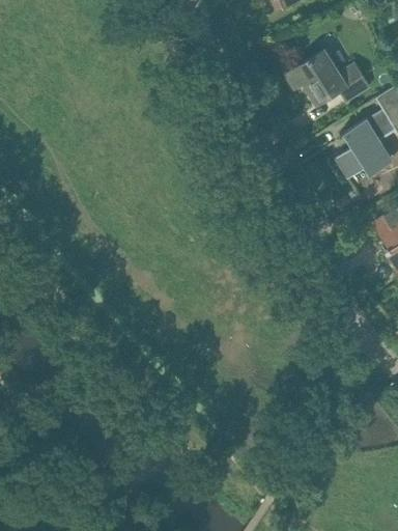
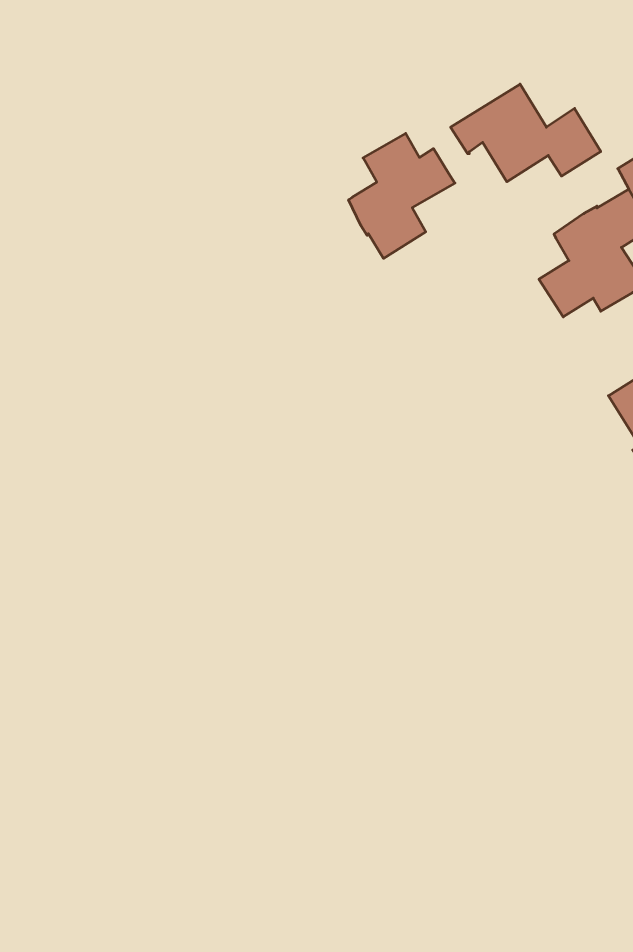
building: none -> [349,133,455,258]

